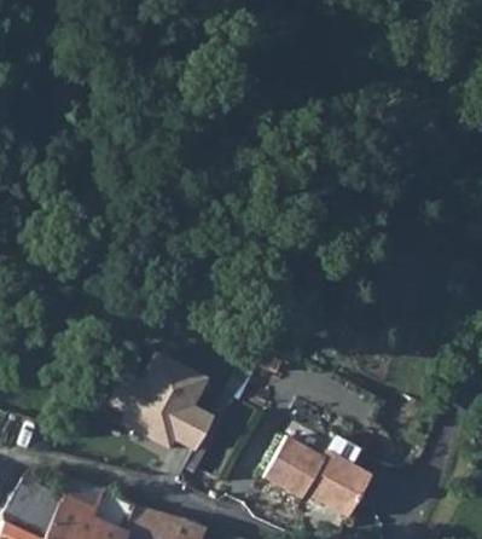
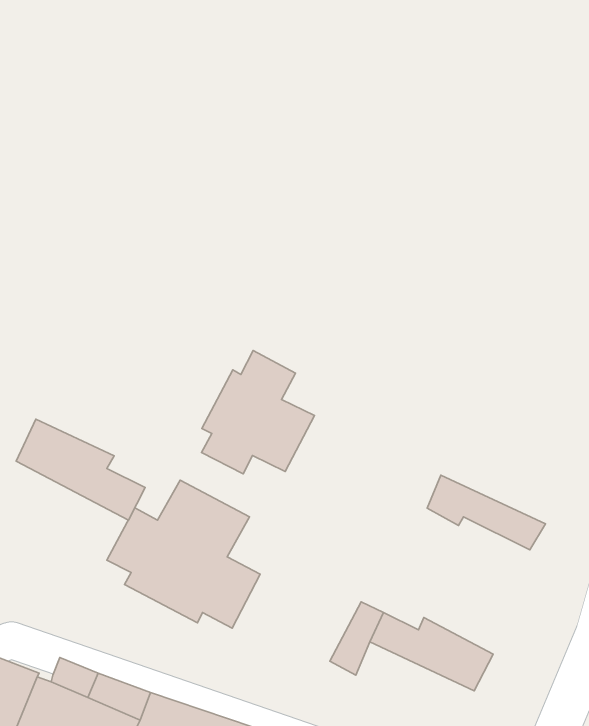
building: none -> [201,351,314,474]
building: none -> [16,419,145,520]
building: [281,469,364,521] -> [427,475,545,550]

